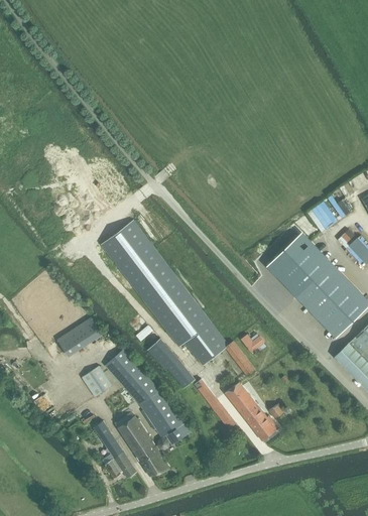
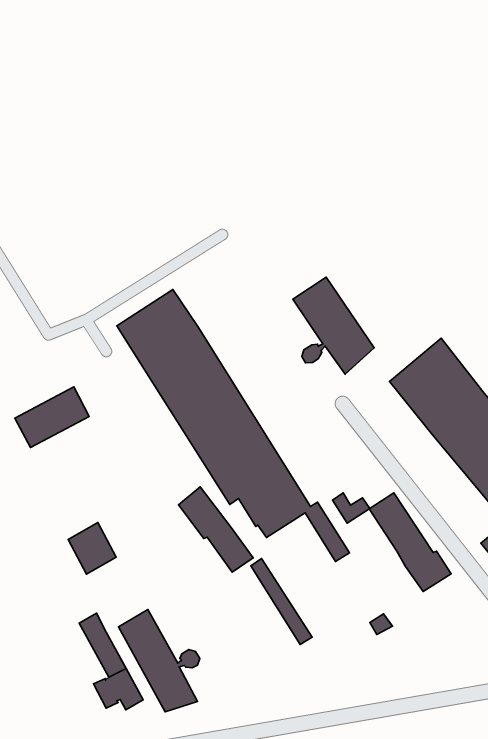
building: none -> [293,277,374,374]
building: [56,317,102,357] -> [15,387,89,448]
building: [105,349,191,444] -> none
building: [225,382,278,440] -> [369,493,451,591]

